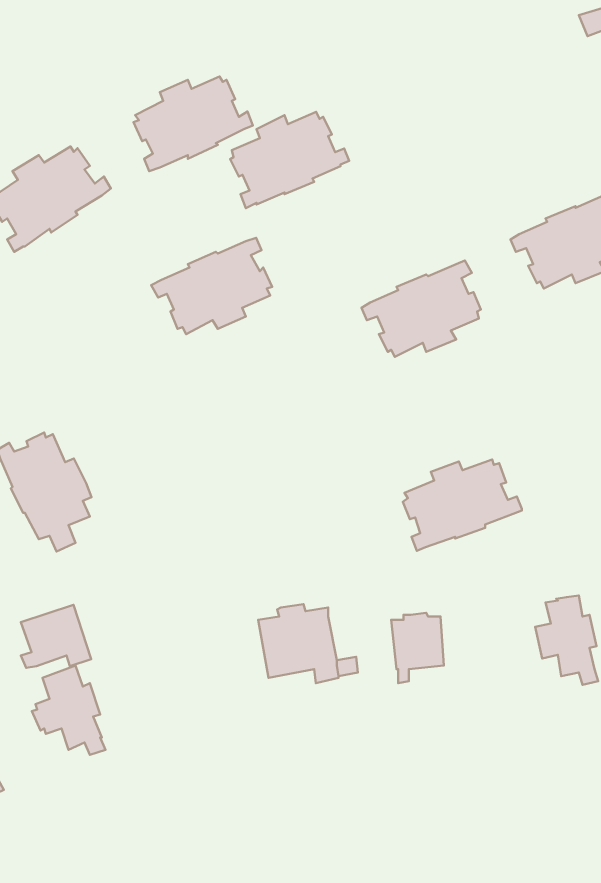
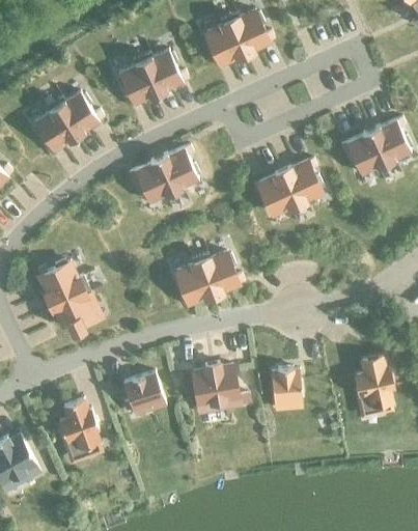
building: [230,112,349,208] -> [204,10,275,67]
building: [403,460,522,551] -> [173,251,244,305]
building: [21,605,91,668] -> [122,372,164,410]

